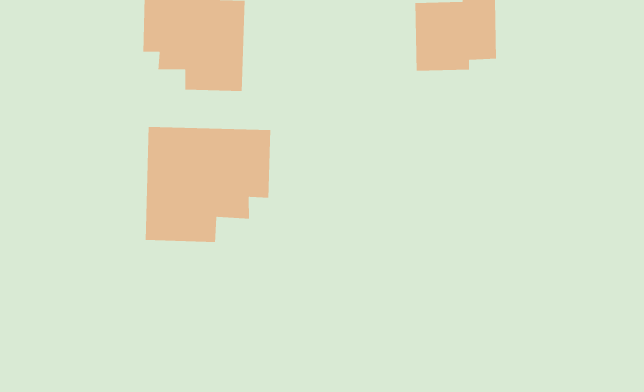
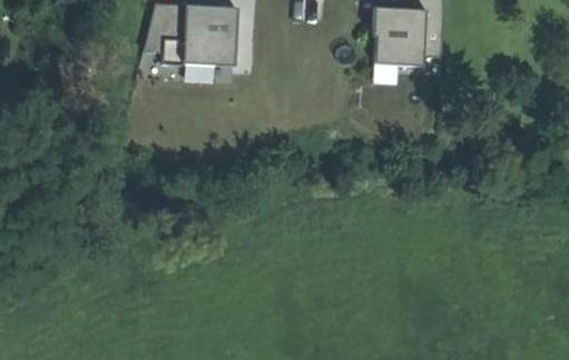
building: [145,126,271,243] -> none

